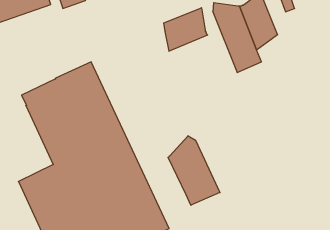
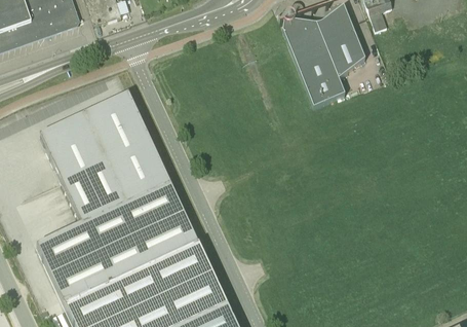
building: [164,8,208,51] -> none
building: [168,136,220,205] -> none

